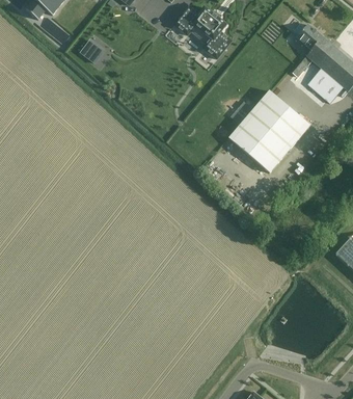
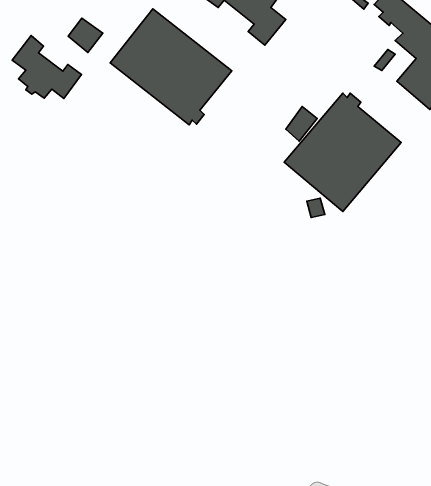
building: none -> [110,9,232,125]
building: none -> [12,36,82,98]

